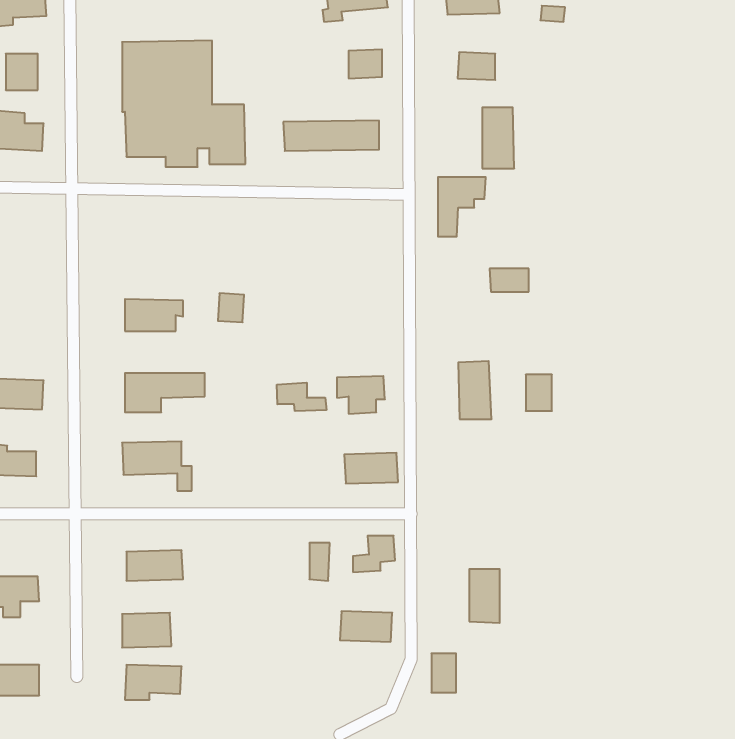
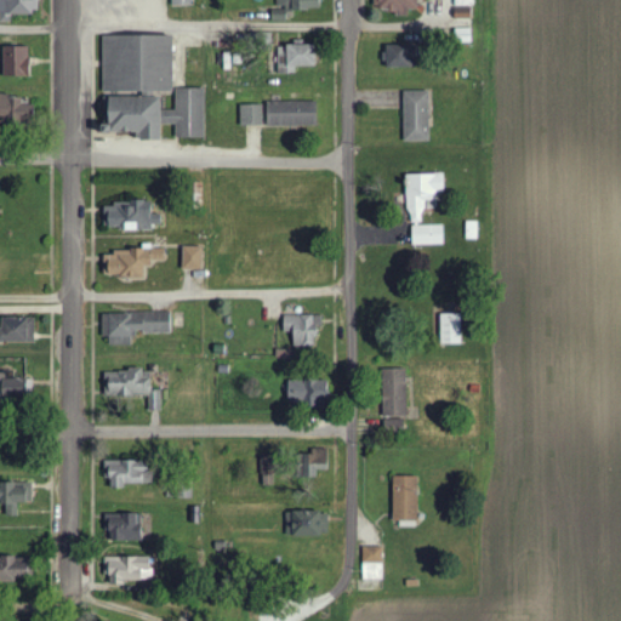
building: [438,177,486,237] -> [405,173,445,223]
building: none -> [104,201,163,228]
building: [458,361,492,419] -> [380,368,408,416]
building: [277,383,326,411] -> none

